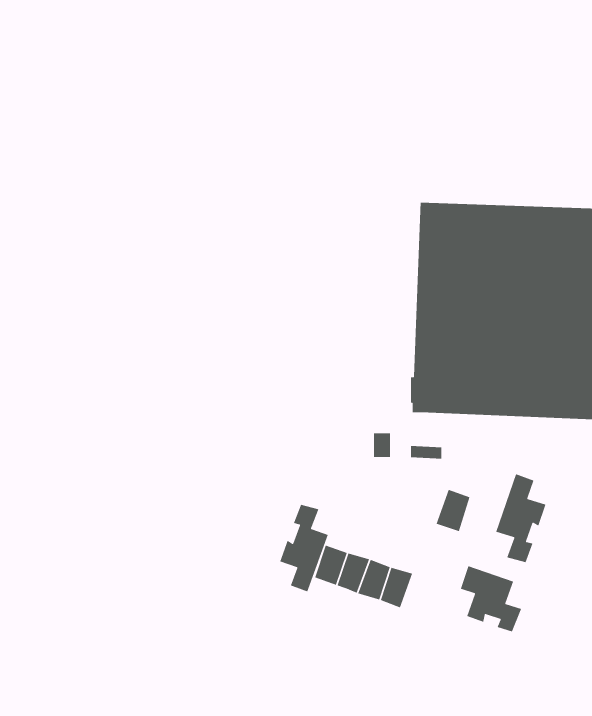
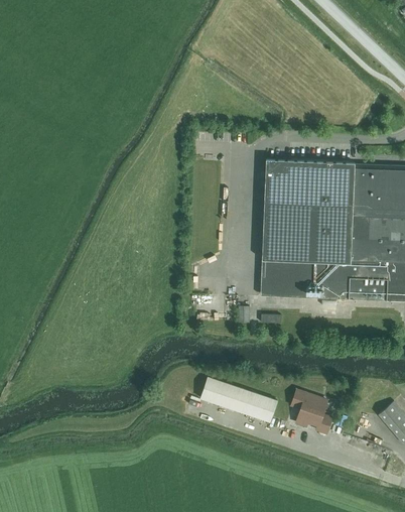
building: [495,473,546,563] -> none
building: [435,489,471,532] -> [255,395,277,422]
building: [279,504,329,593] -> none

